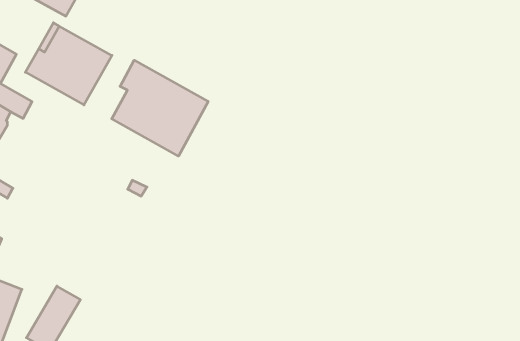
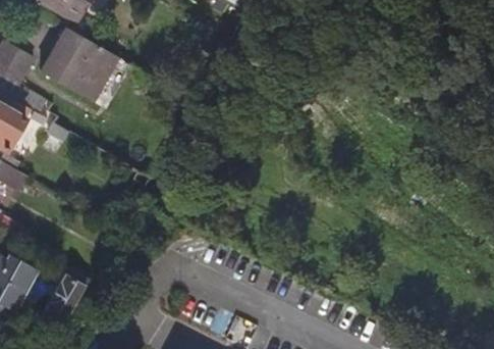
building: [112,60,208,156] -> none

